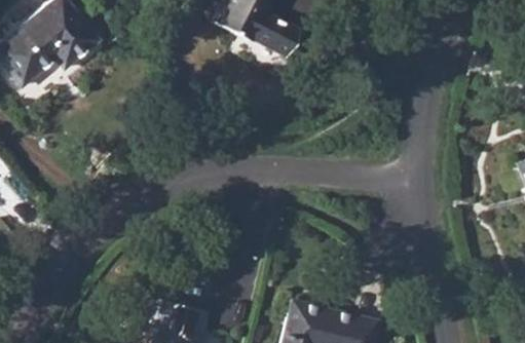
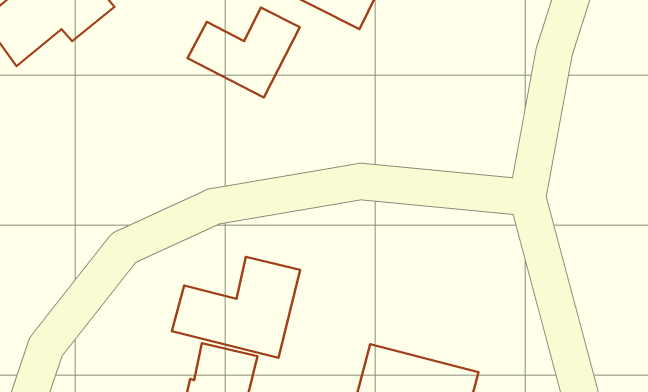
building: none -> [187,7,300,97]
building: none -> [172,257,300,358]

